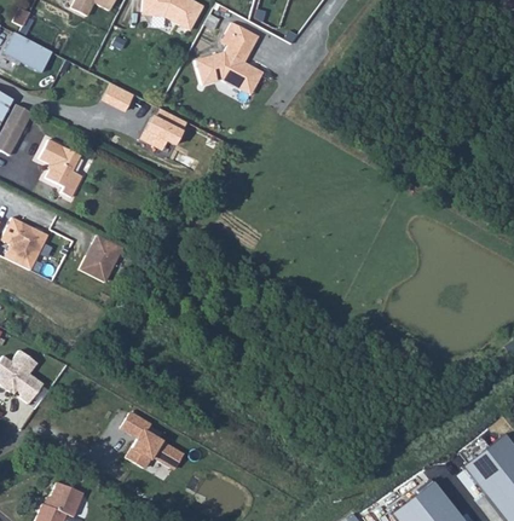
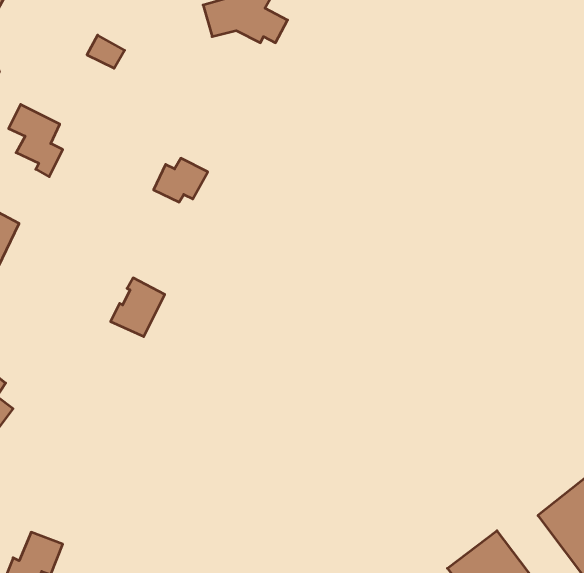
building: [142,110,185,145] -> [154,158,208,202]
building: [79,233,122,280] -> [111,278,165,337]
building: [120,411,183,469] -> none

